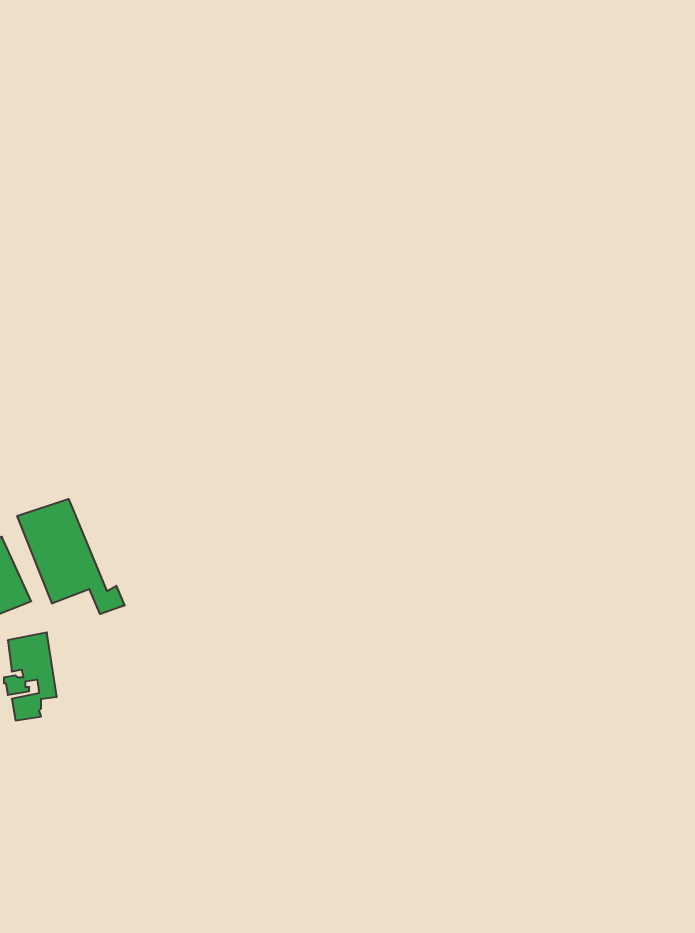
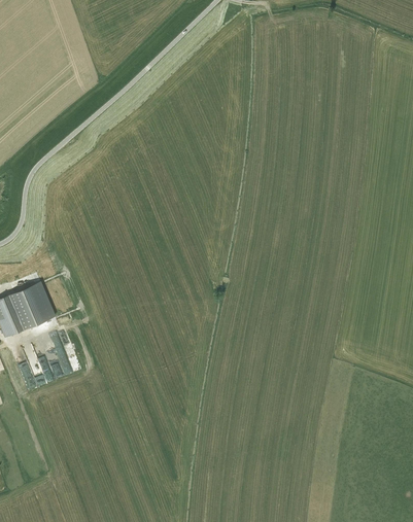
building: [17,499,125,614] -> none

